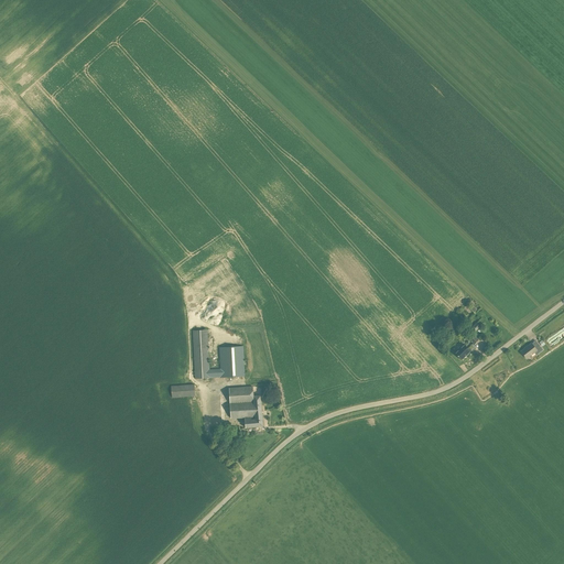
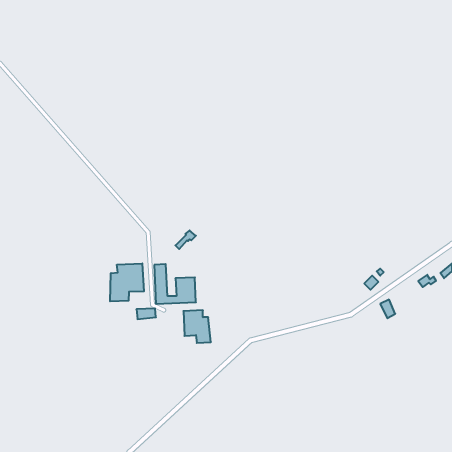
building: none -> [110,263,144,301]

